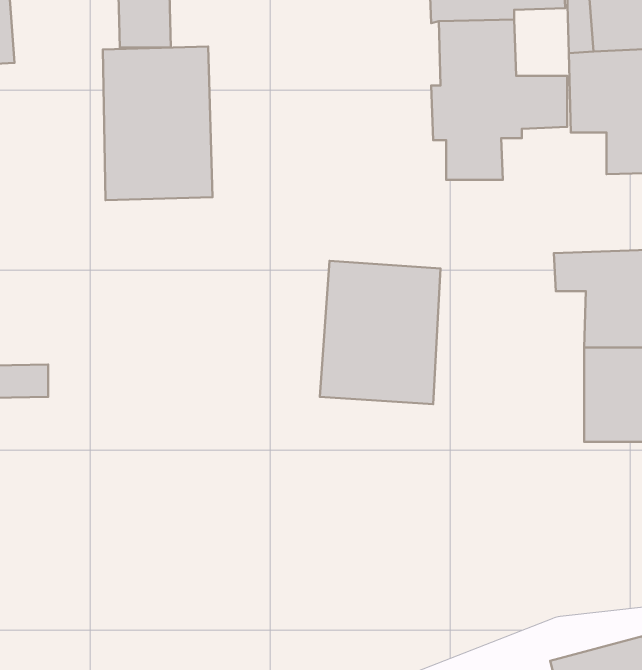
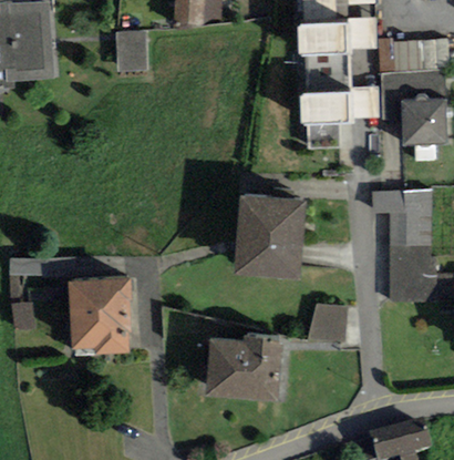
building: [103,47,213,200] -> none
building: none -> [68,277,133,355]
building: none -> [307,304,347,341]
building: none -> [205,337,282,402]

